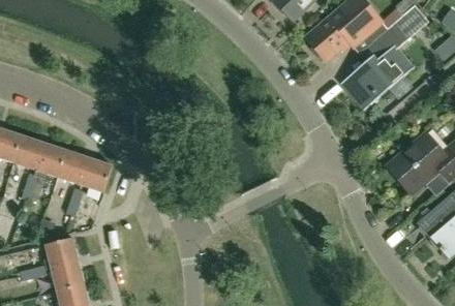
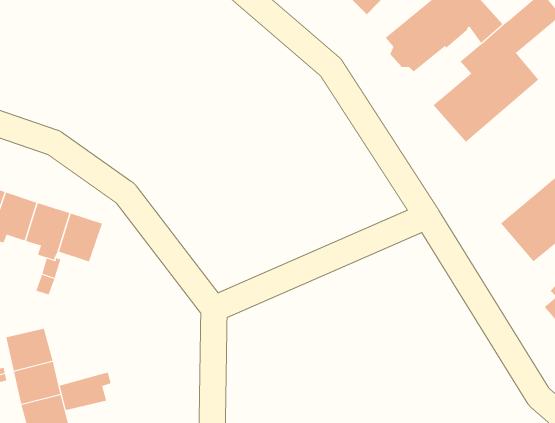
building: none -> [59,372,111,411]

